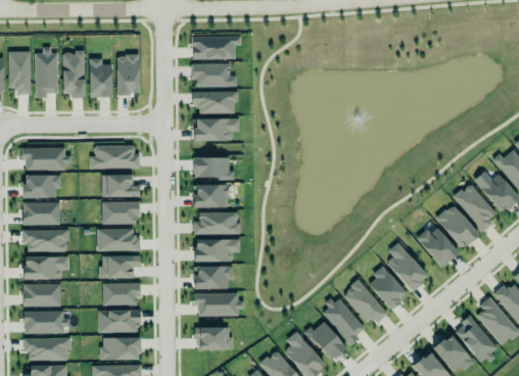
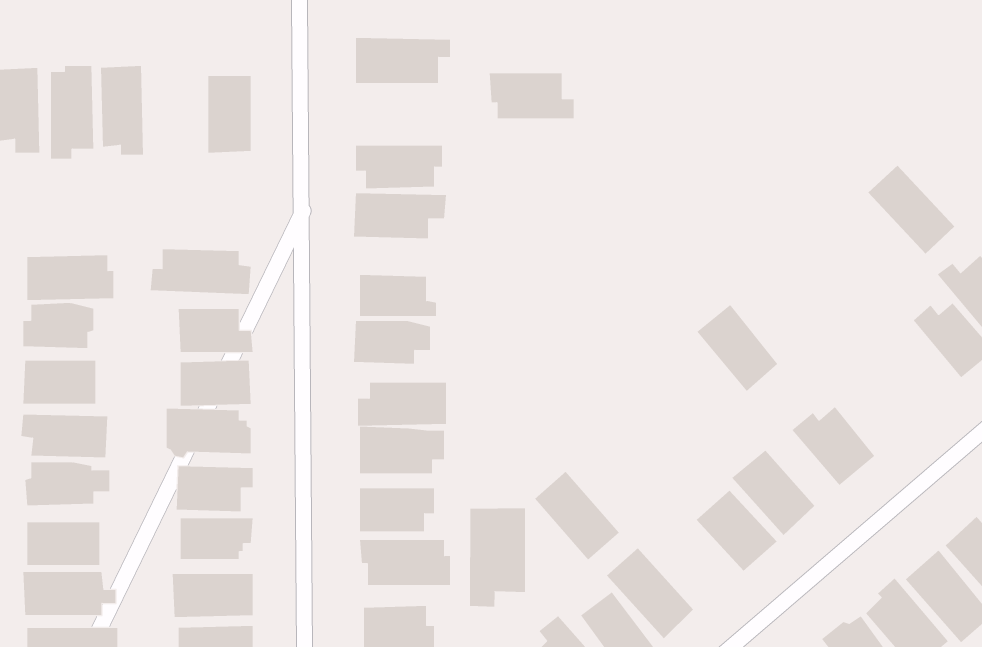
building: [88,58,111,96] -> none
building: [191,62,235,86] -> [489,73,574,119]
building: [454,183,499,229] -> [868,165,955,254]
building: [436,204,478,249] -> [697,304,778,392]
building: none -> [469,507,525,607]
building: [342,280,386,326] -> [534,471,620,560]

